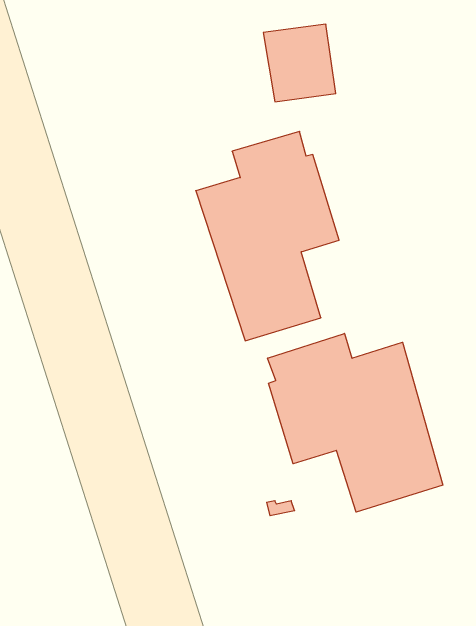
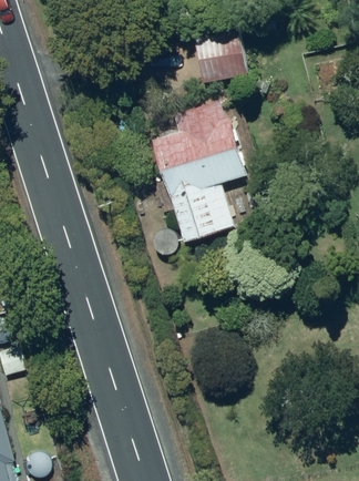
building: [268,333,443,512] -> none

